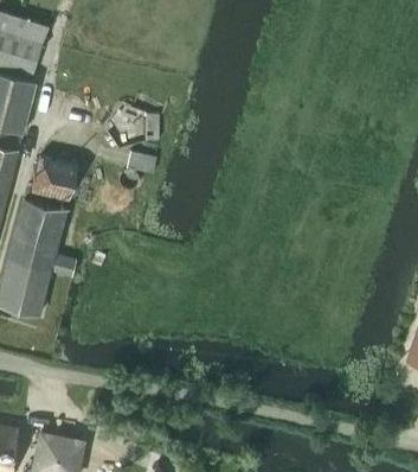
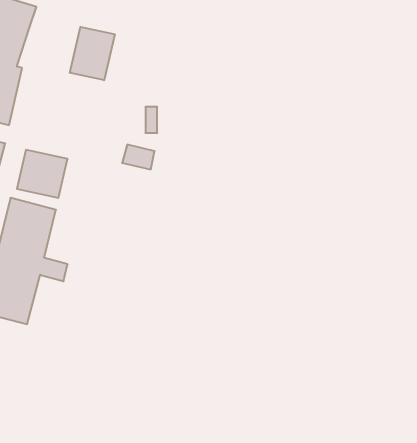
building: none -> [70,27,115,80]

